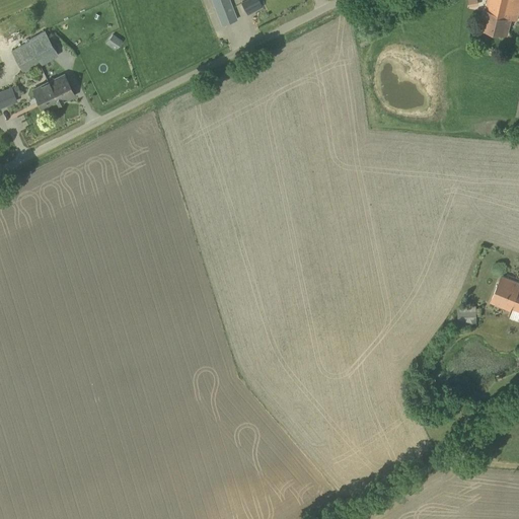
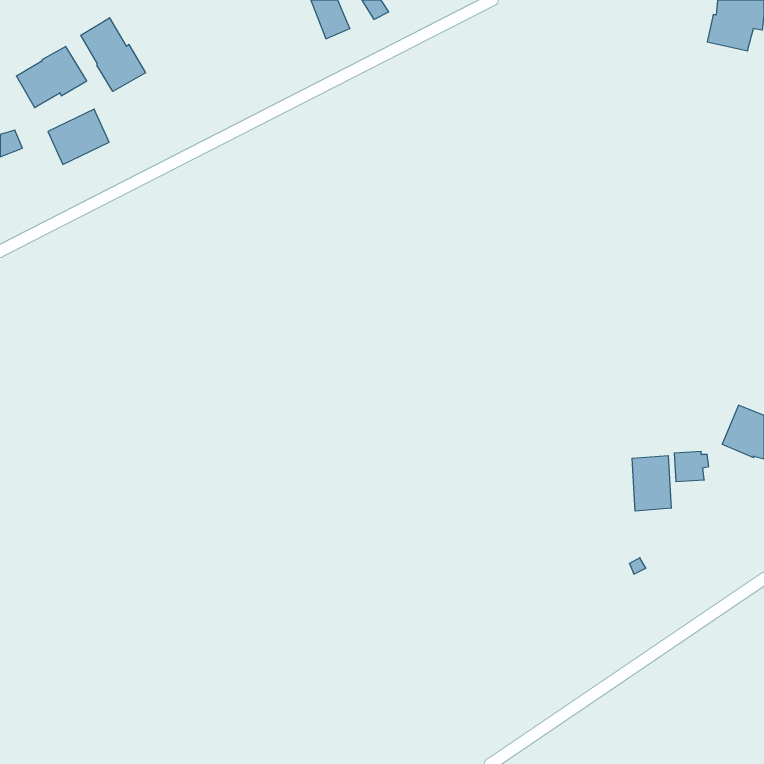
building: none -> [81,18,146,91]
building: none -> [632,456,671,511]

